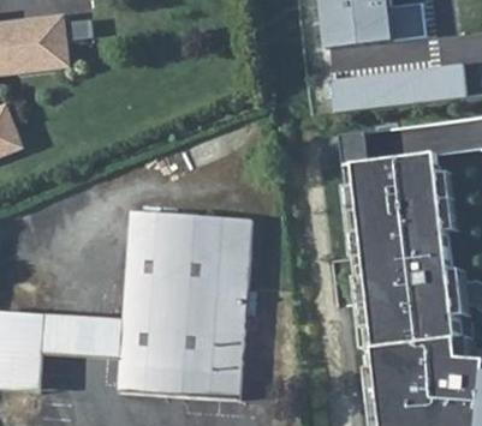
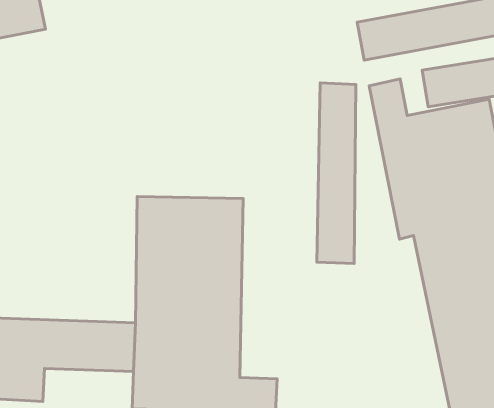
building: [208,218,252,372] -> [317,83,356,263]

